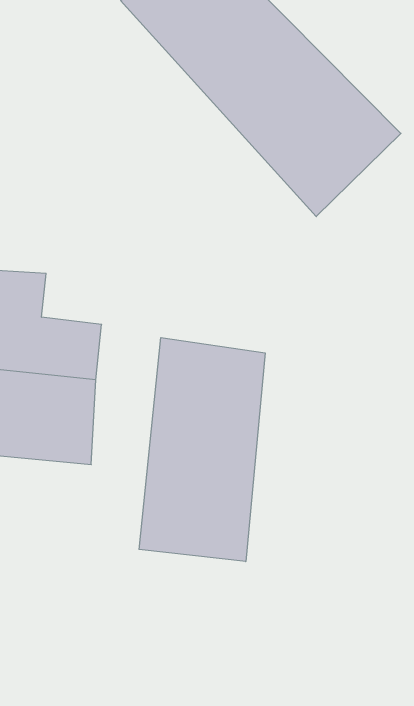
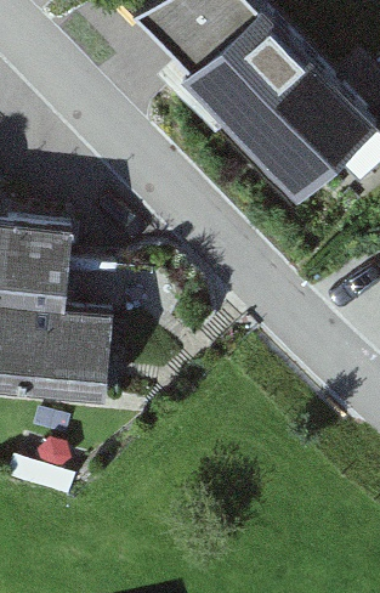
building: [139,338,265,562] -> none

